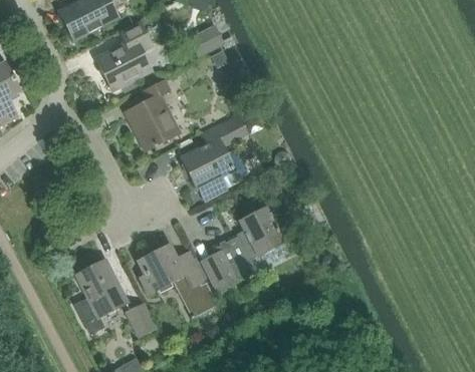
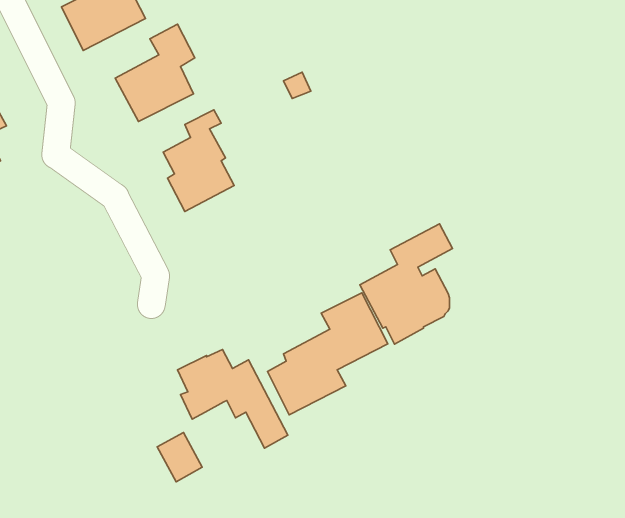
building: [192,24,229,56] -> none
building: [181,115,245,199] -> [360,224,453,344]
building: [75,259,128,334] -> none

